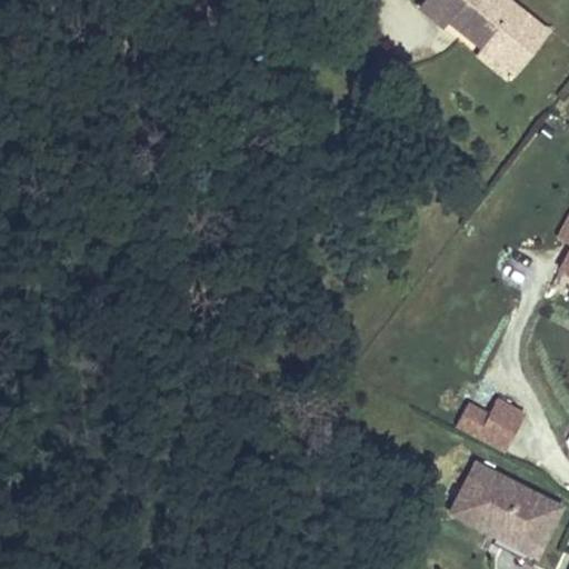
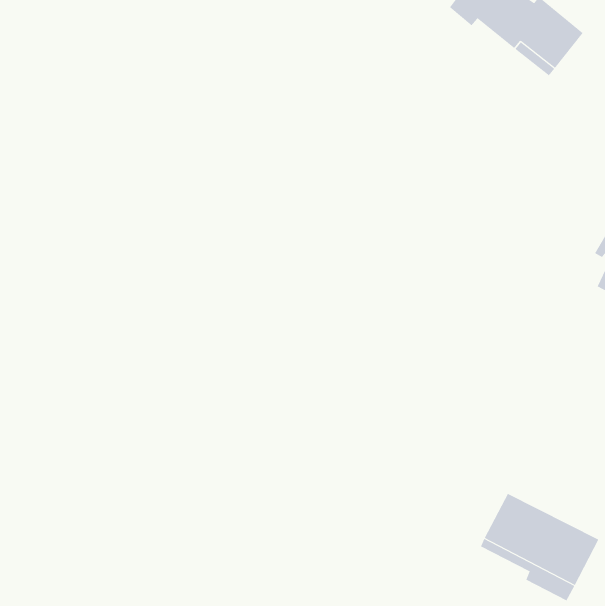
building: [456,398,526,451] -> none

